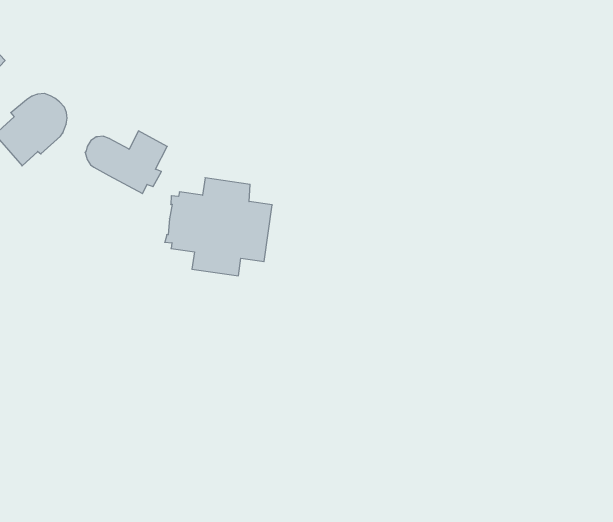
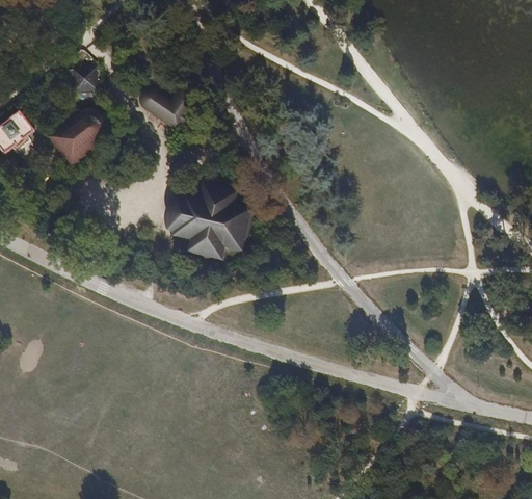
building: none -> [72,69,96,93]
building: [85,131,167,194] -> [137,89,197,135]

